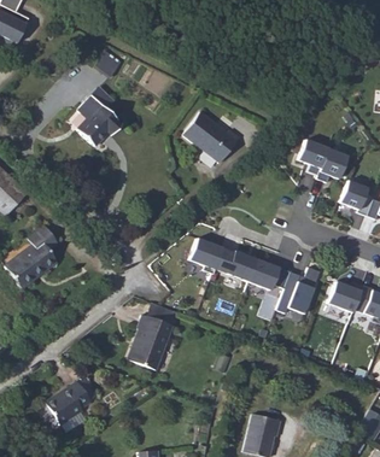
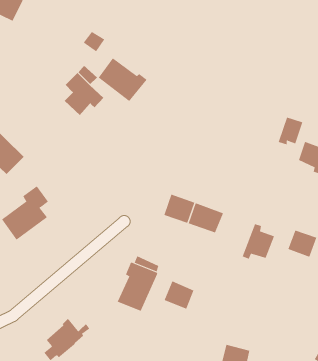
building: [183,111,240,162] -> [98,57,148,102]
building: [298,136,328,174] -> none
building: [247,259,281,292] -> none
building: none -> [164,280,194,309]

